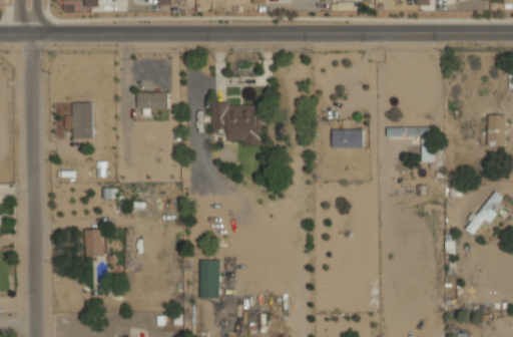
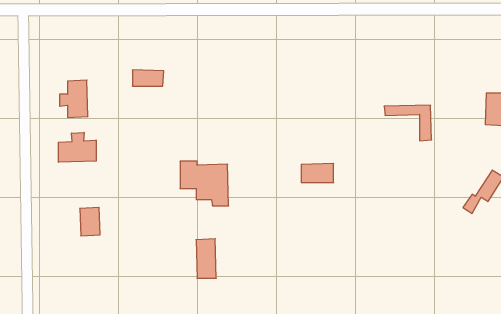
building: [211,101,260,145] -> [180,161,229,206]
building: [332,128,364,147] -> [301,163,334,183]
building: none -> [58,132,96,162]

